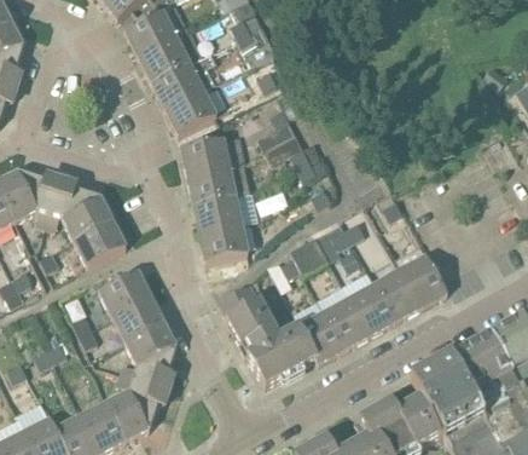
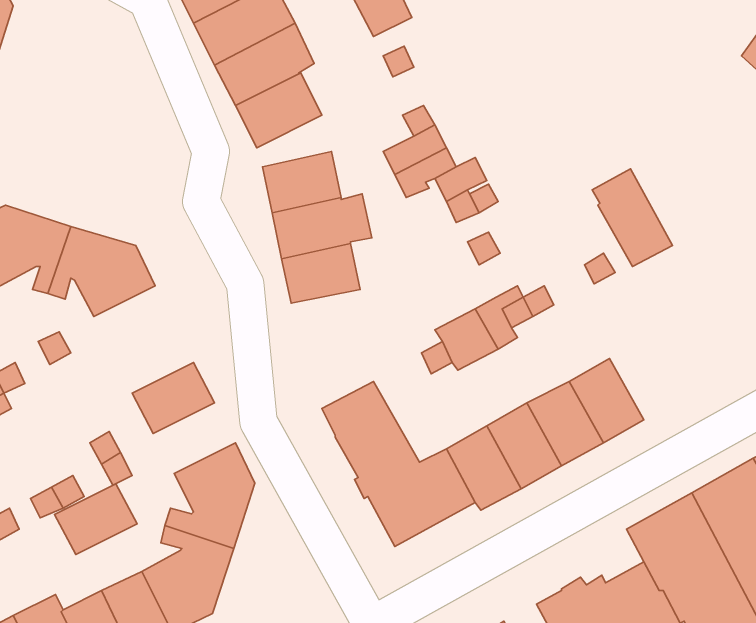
building: [74,223,126,267] -> none
building: [198,225,249,263] -> none
building: [395,246,446,307] -> [592,169,673,267]
building: [111,296,163,341] -> [55,484,137,555]

